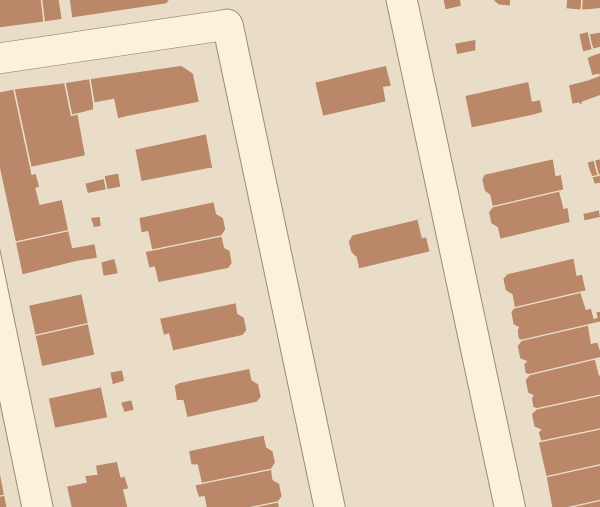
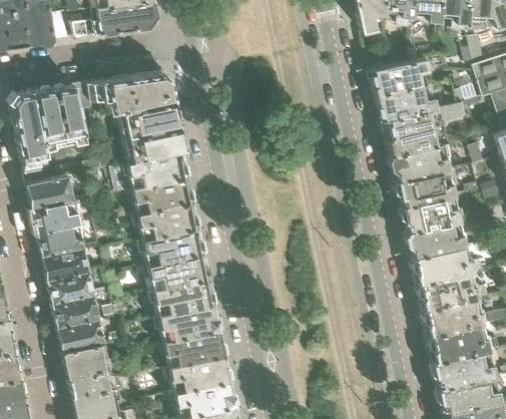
building: [315,65,392,116] -> [371,57,430,96]
building: none -> [119,101,179,137]
building: none -> [382,102,467,156]
building: none -> [124,152,189,188]
building: [348,218,430,269] -> [401,193,464,233]
building: none -> [38,224,84,257]
building: none -> [138,229,205,266]
building: none -> [148,280,216,316]
building: none -> [53,295,99,328]
building: none -> [159,331,226,367]
building: none -> [63,343,113,395]

